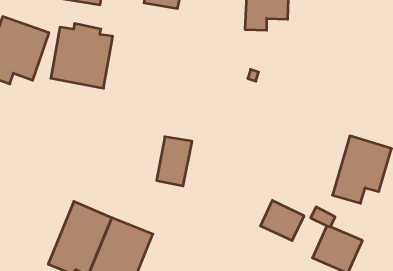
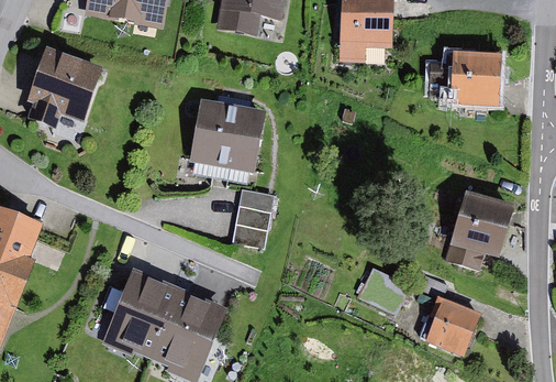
building: none -> [430,51,501,109]
building: [51,24,113,88] -> [189,95,264,173]

